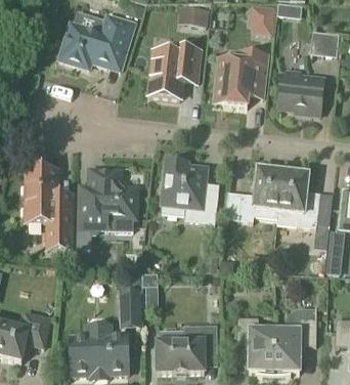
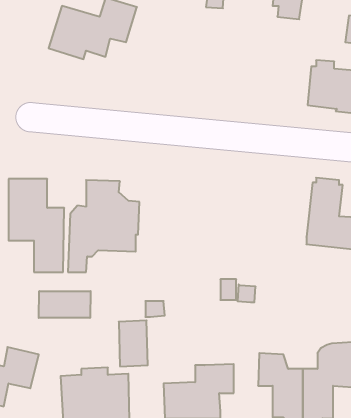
building: [149,45,200,97] -> none
building: [216,49,267,104] -> none
building: [161,158,218,222] -> none
building: [238,168,282,220] -> none
building: none -> [39,291,91,318]

